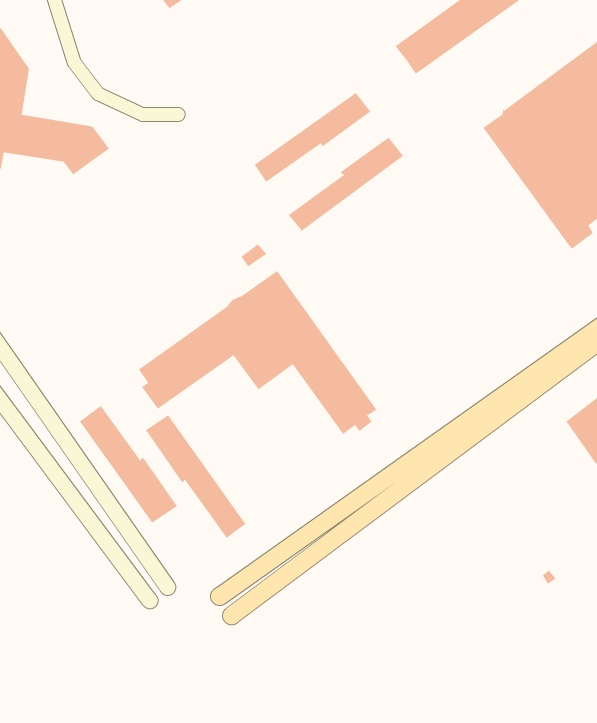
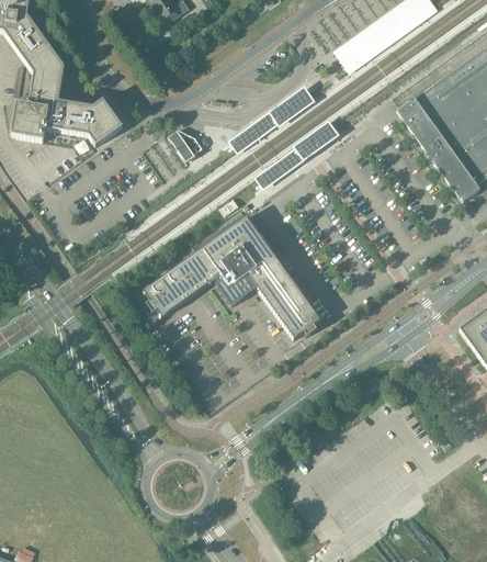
building: none -> [168,131,203,160]
building: [79,405,178,524] -> none
building: [145,415,246,539] -> none

